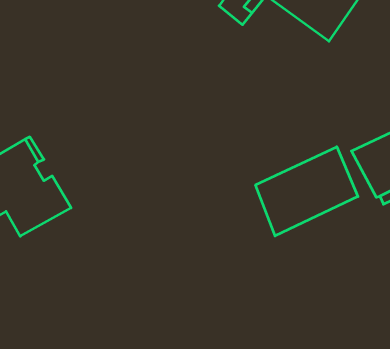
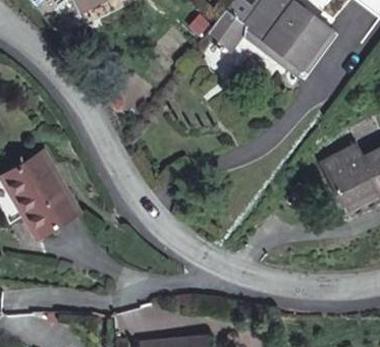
building: [256,147,358,236] -> none

